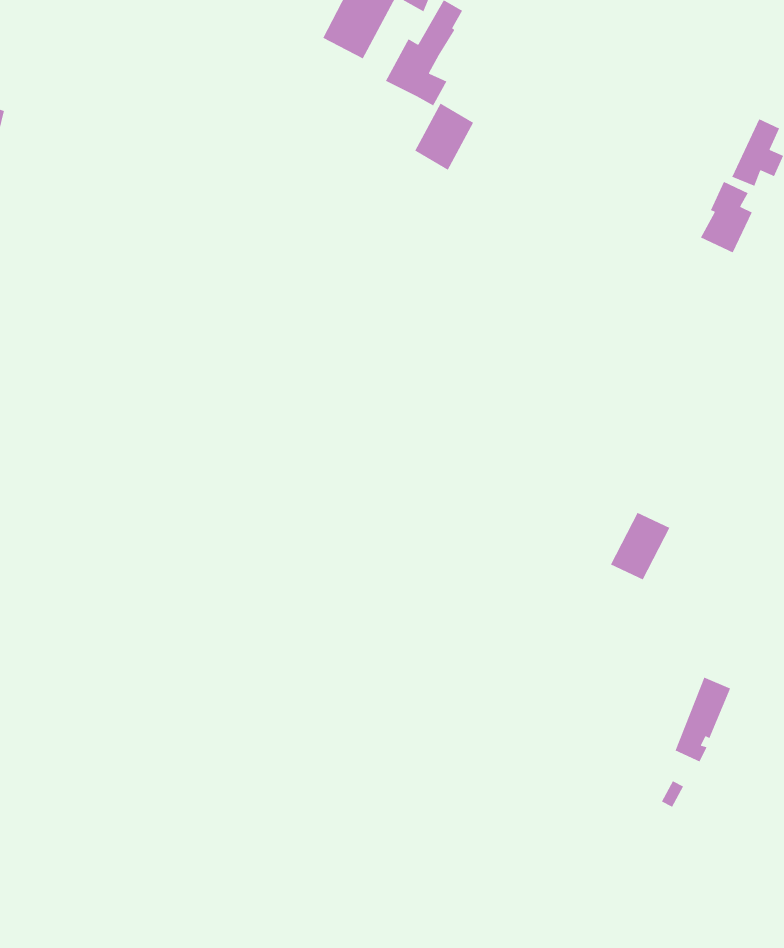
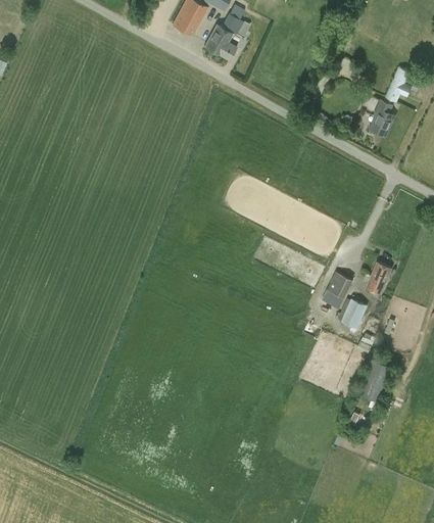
building: [414,103,474,171] -> none
building: none -> [367,262,392,294]
building: none -> [338,298,368,328]

